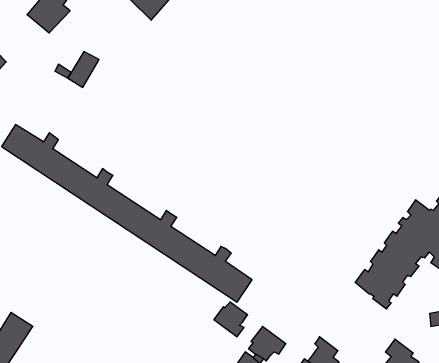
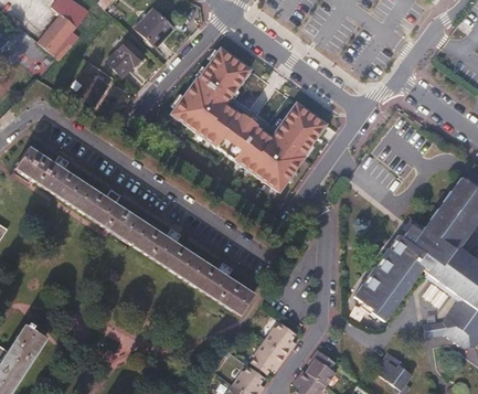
building: none -> [108,39,145,76]
building: none -> [168,46,327,192]
building: [214,302,248,337] -> [264,321,296,354]

